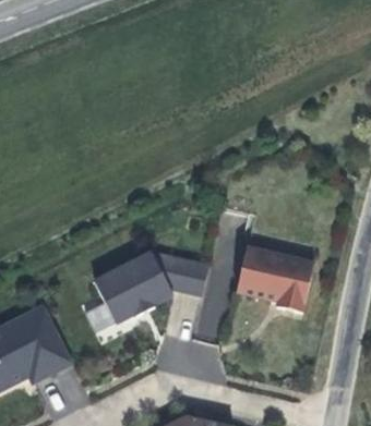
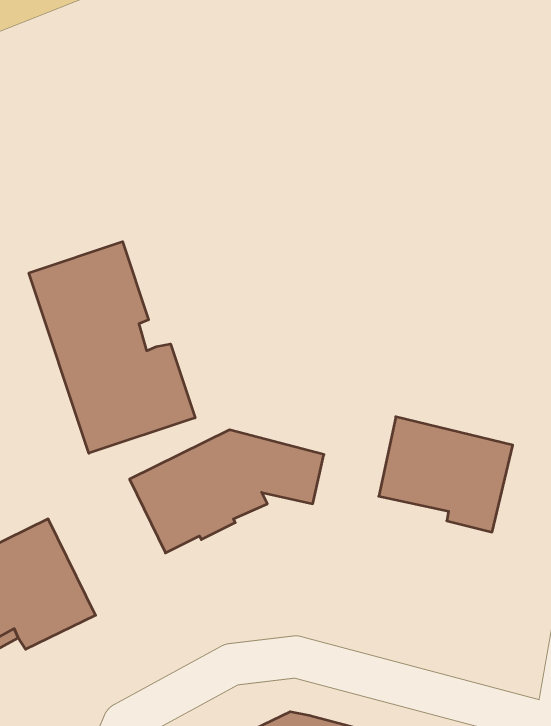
building: none -> [29,242,195,453]

